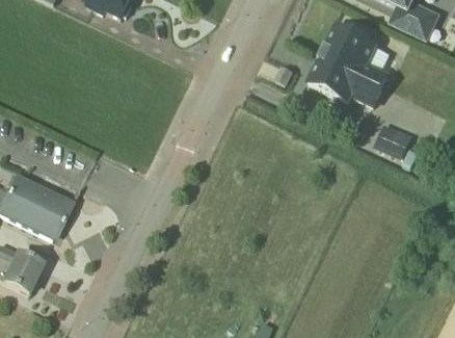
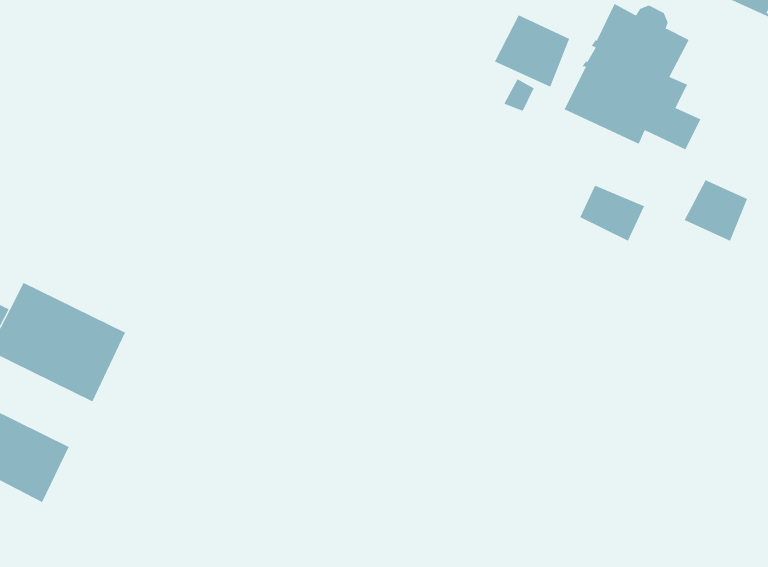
building: none -> [494,15,570,88]
building: none -> [579,185,645,242]

